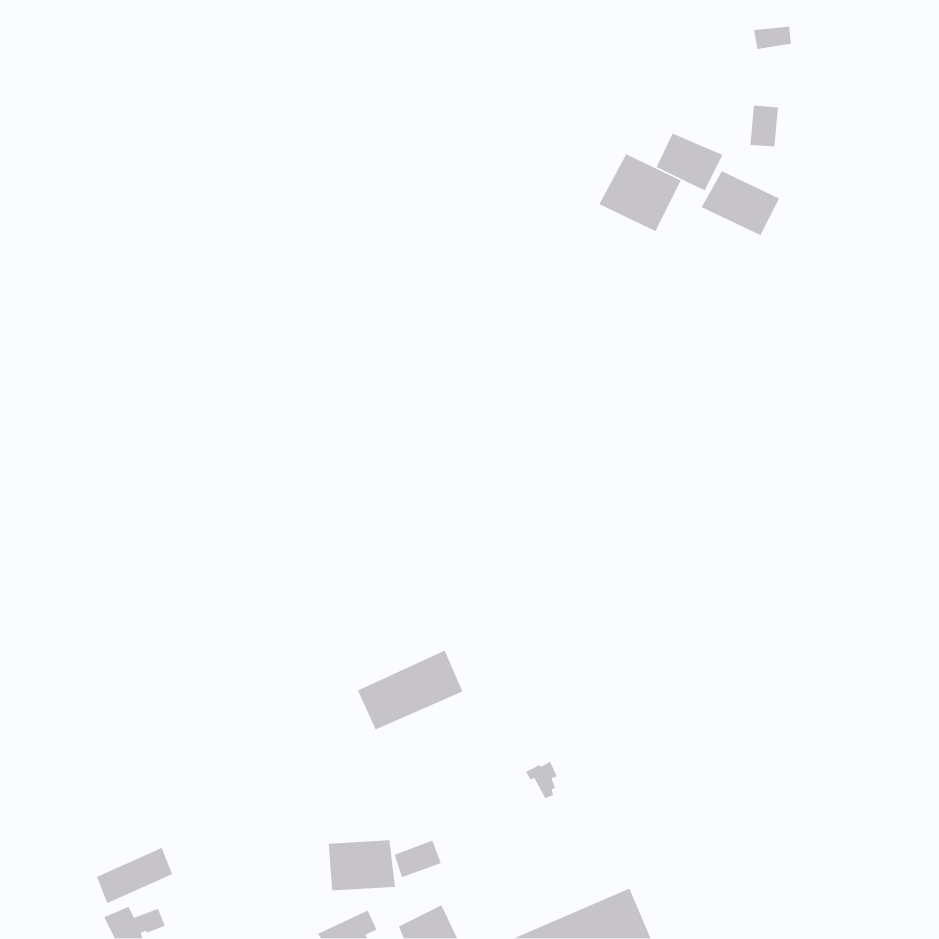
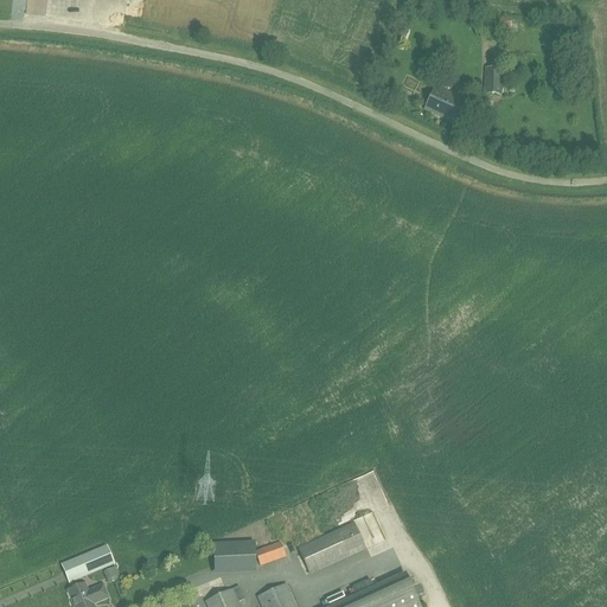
building: [598,153,682,232] -> none
building: [700,170,780,236] -> none
building: [357,650,464,731] -> [296,522,365,574]

